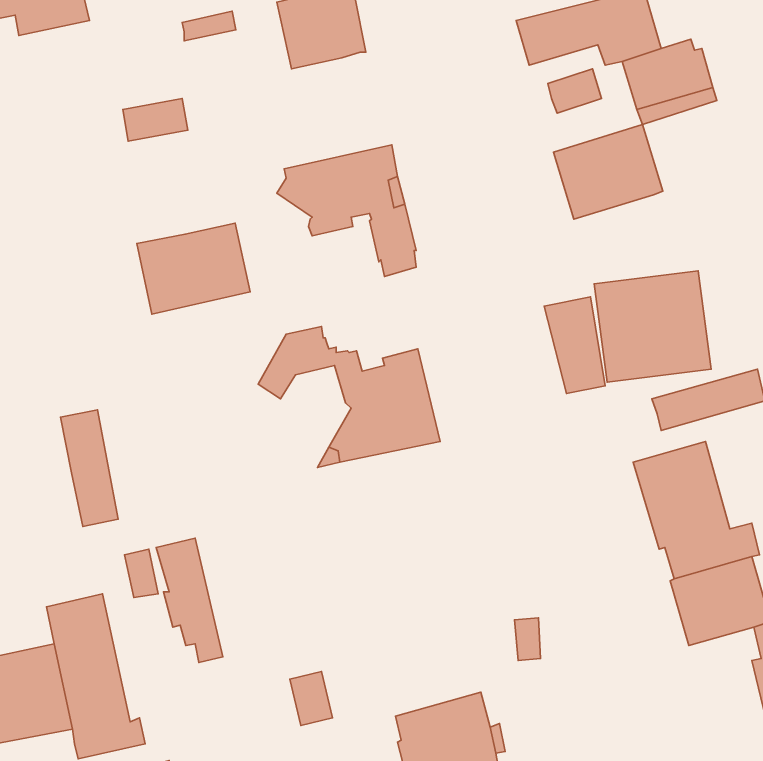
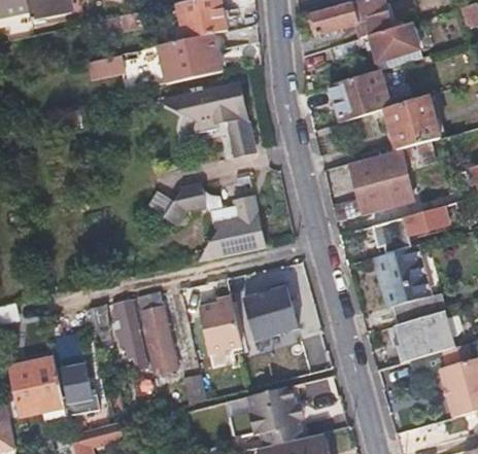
building: none -> [385,96,439,148]
building: [137,223,250,314] -> [158,34,220,84]
building: [61,410,118,527] -> [142,306,174,371]
building: none -> [246,285,299,337]
building: none -> [202,299,242,350]

